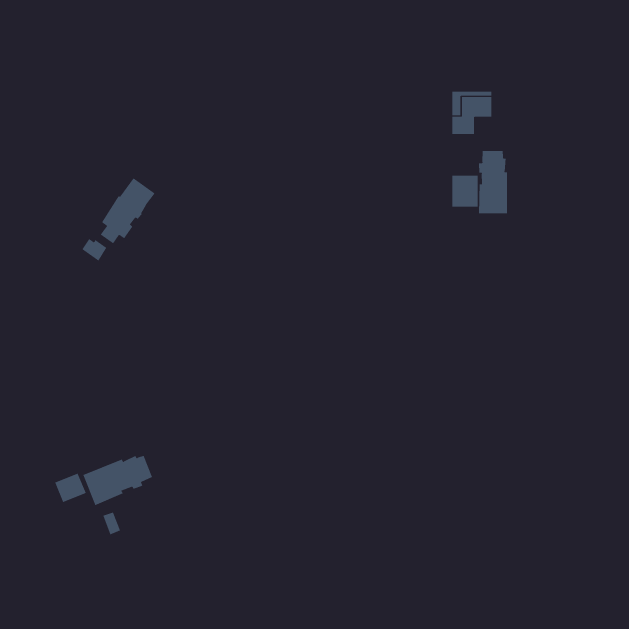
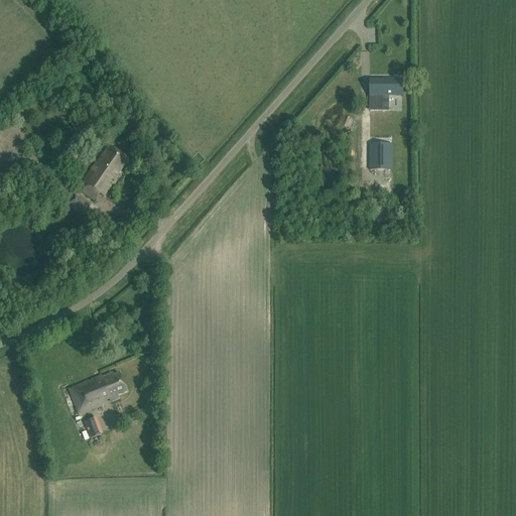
building: [478,150,508,214] -> none
building: [54,473,86,503] -> none

